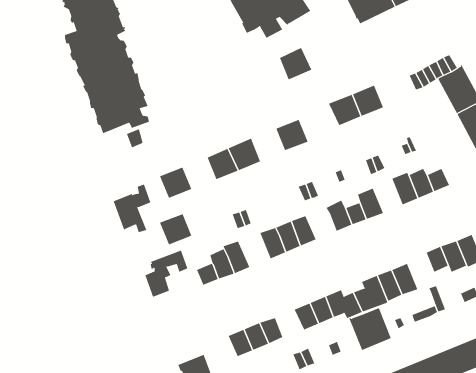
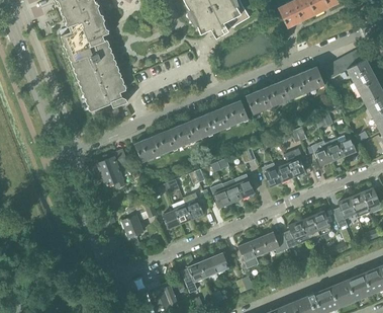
building: [279,47,312,80] -> [247,88,272,113]
building: none -> [299,67,324,91]
building: none -> [205,107,230,133]
building: [159,213,192,245] -> [153,130,178,154]
building: [349,307,392,351] -> none

